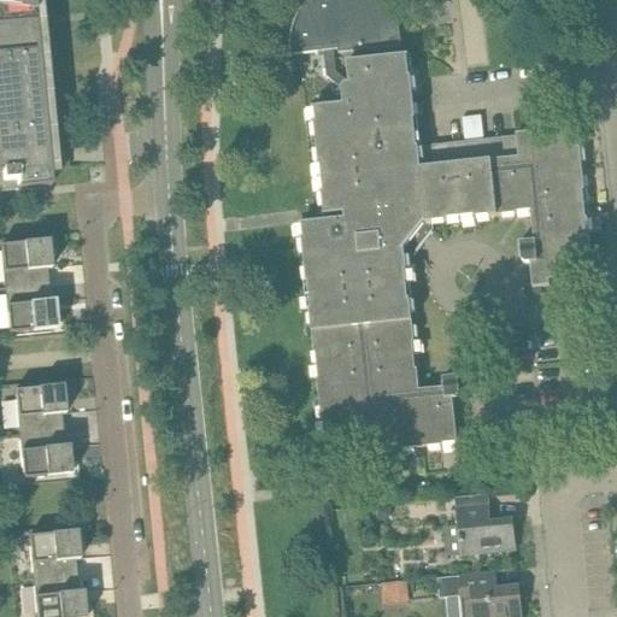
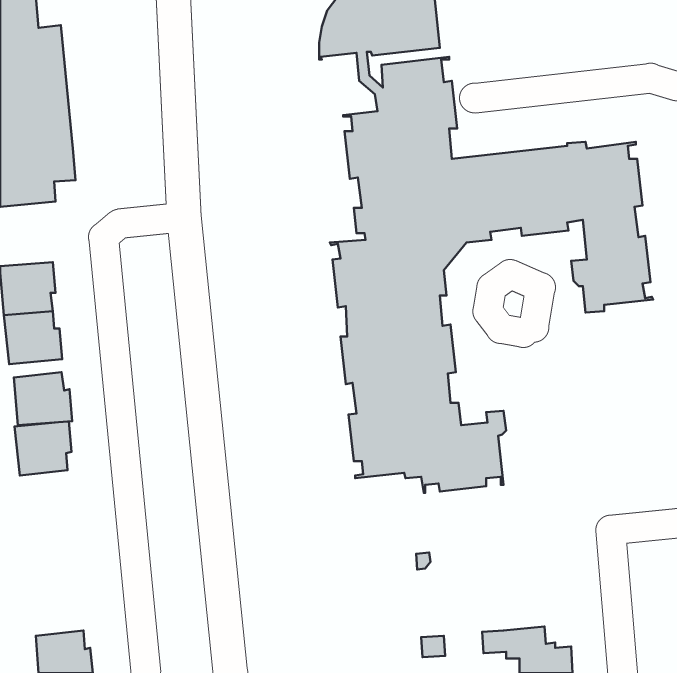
building: [18,428,71,476] -> [14,372,72,425]
building: [456,492,515,552] -> none
building: [28,529,80,578] -> none

